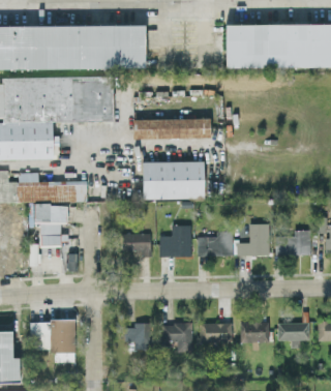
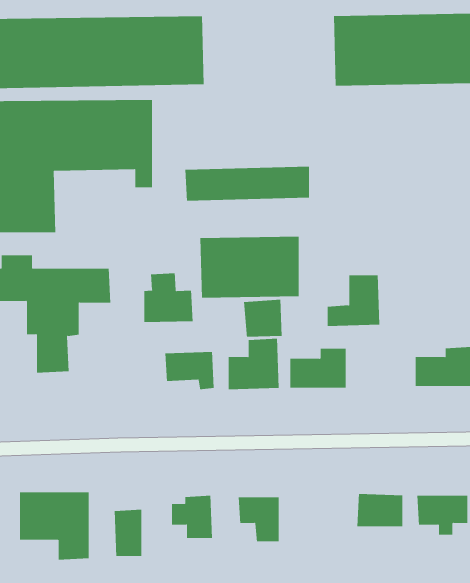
building: none -> [144,272,193,323]
building: none -> [243,299,282,338]
building: [237,223,270,255] -> [327,275,380,327]
building: [204,322,232,342] -> none
building: none -> [114,509,142,557]

